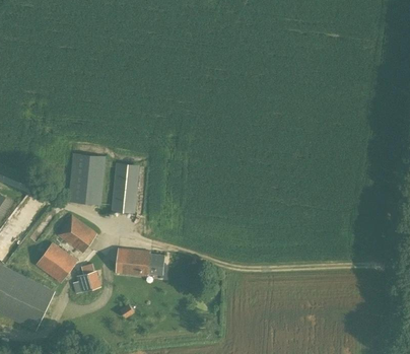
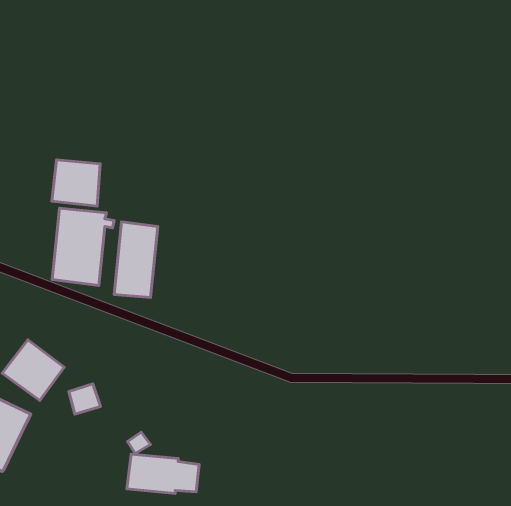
building: none -> [52,160,100,206]
building: [58,215,97,253] -> none
building: [116,249,164,275] -> [127,454,199,493]

